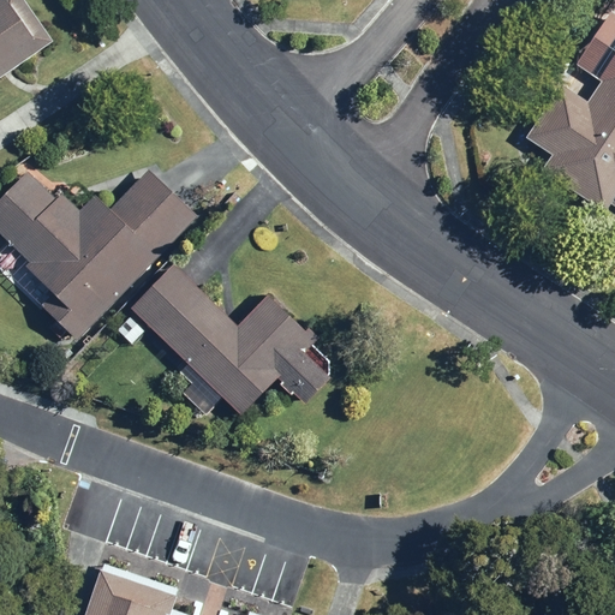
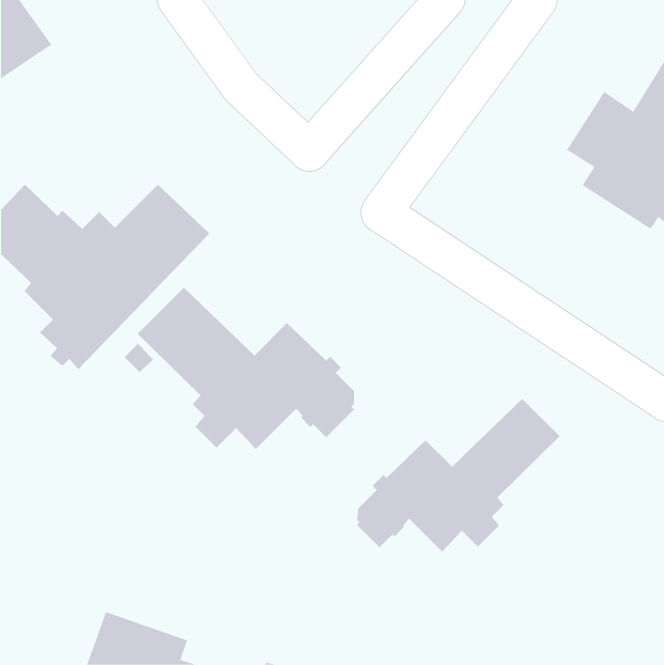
building: none -> [356,398,560,552]

